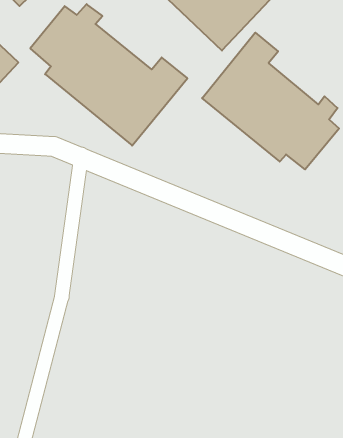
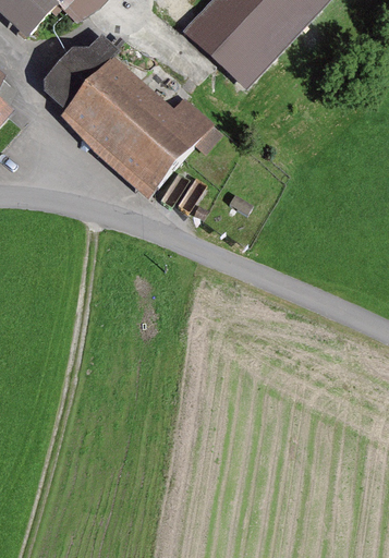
building: [202,33,339,169] -> none

